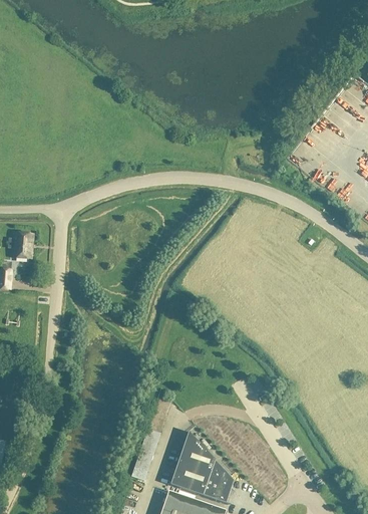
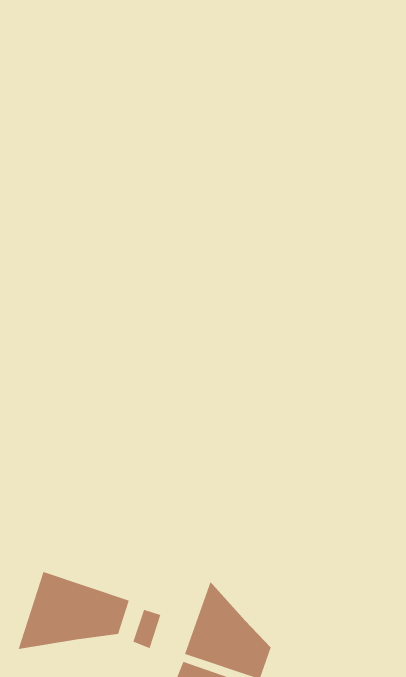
building: none -> [18,571,131,650]

